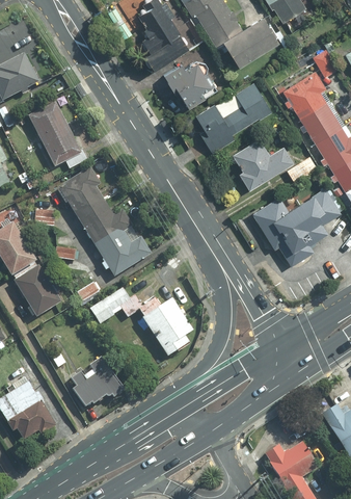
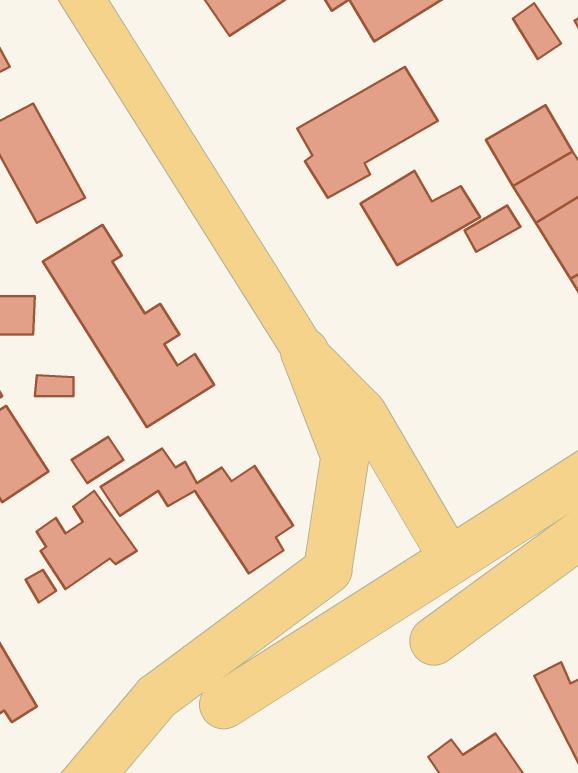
building: [164,58,214,109] -> none
building: [280,74,329,121] -> none
building: [252,186,340,264] -> none
building: [71,356,125,409] -> [37,491,137,589]

